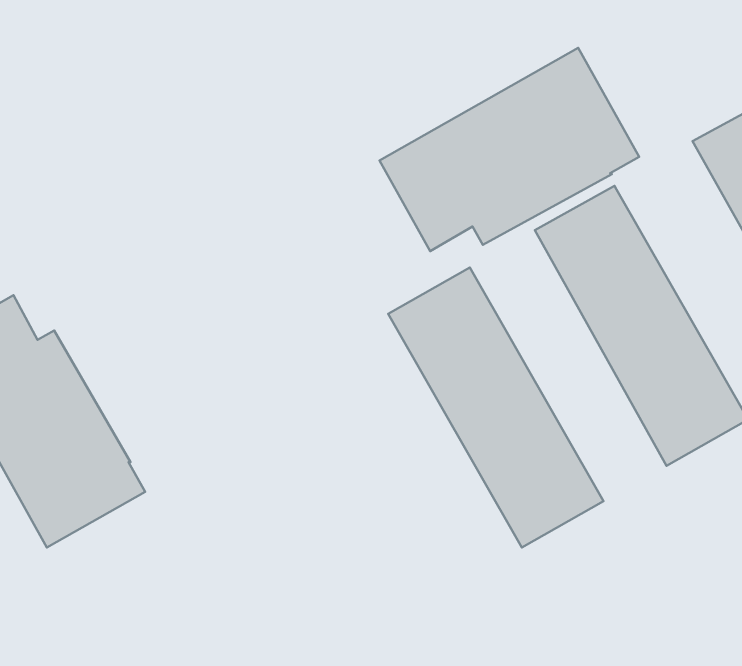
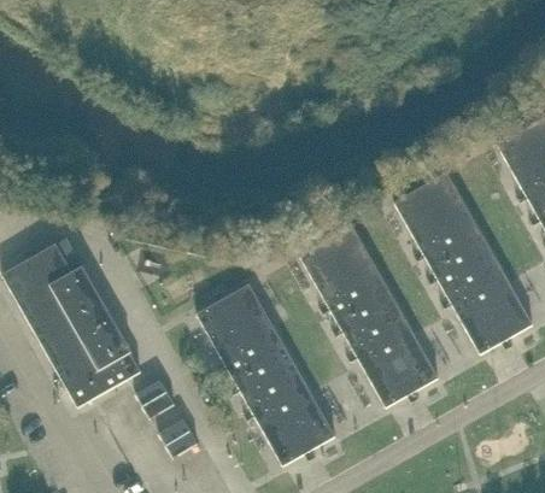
building: [380,48,639,251] -> none
building: none -> [197,282,335,464]

